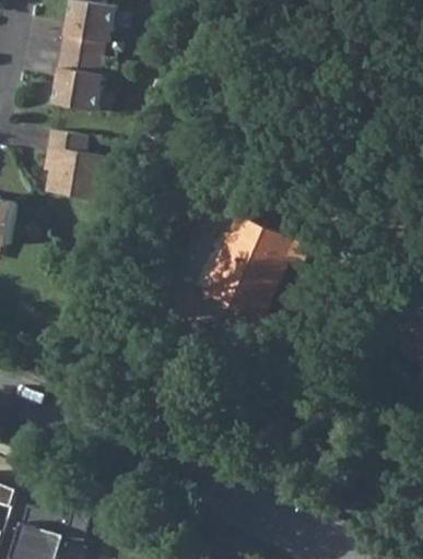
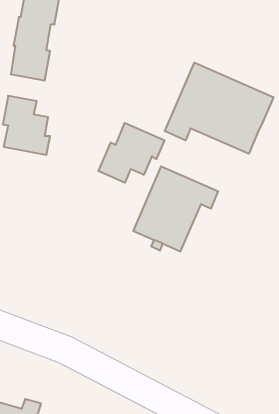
building: none -> [165,63,273,154]
building: none -> [98,123,164,183]

